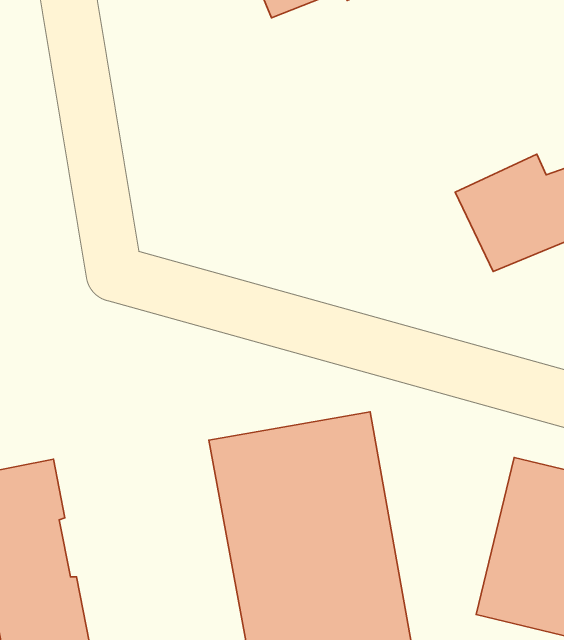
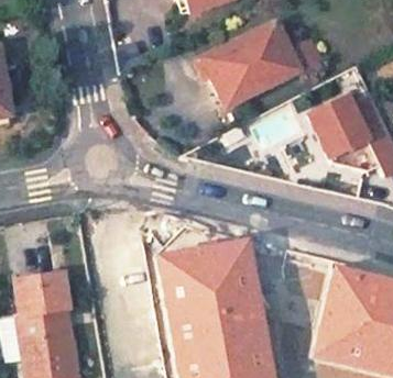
building: none -> [201,22,320,109]

